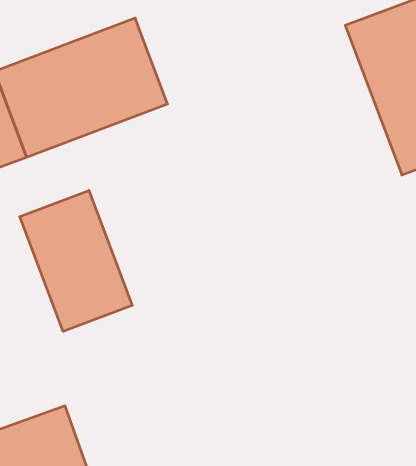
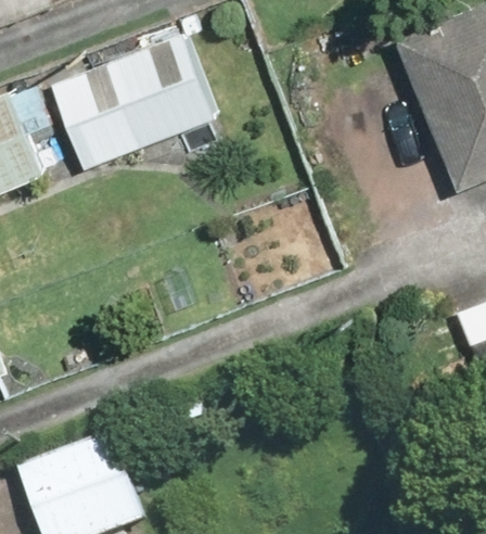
building: [20,190,132,331] -> none

